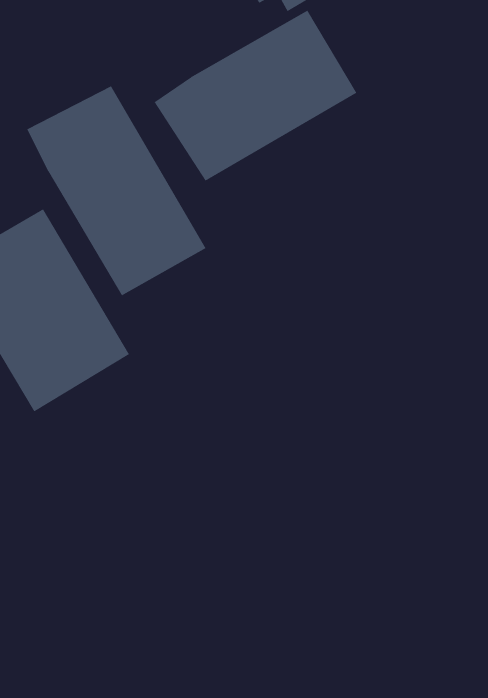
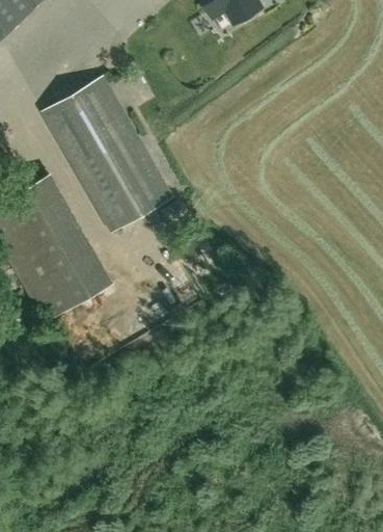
building: [154,10,357,181] -> none

